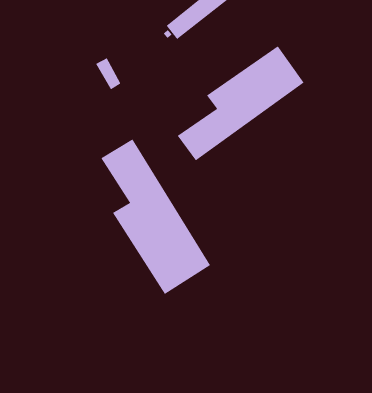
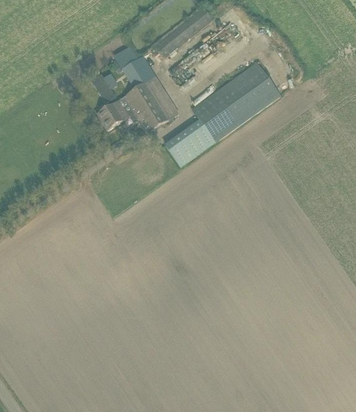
building: none -> [98,46,177,132]
building: [100,139,211,295] -> none

